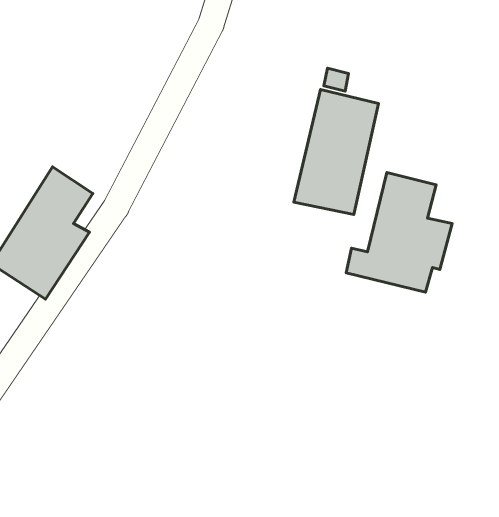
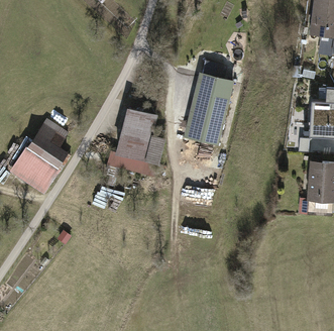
building: [346,172,452,292] -> [105,109,165,178]

